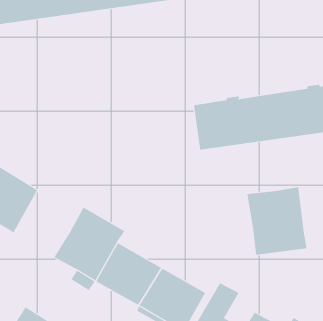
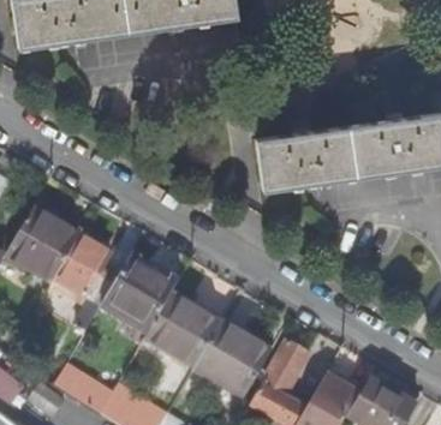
building: [247,187,307,256] -> none
building: none -> [56,234,118,330]

